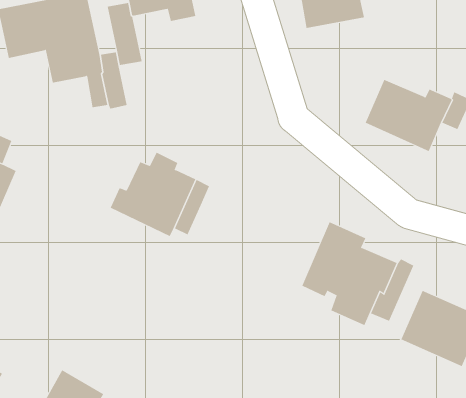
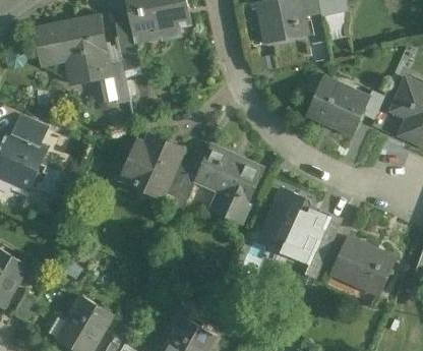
building: none -> [196,148,261,223]

